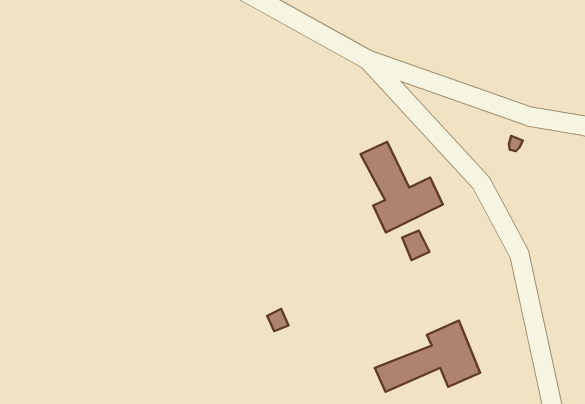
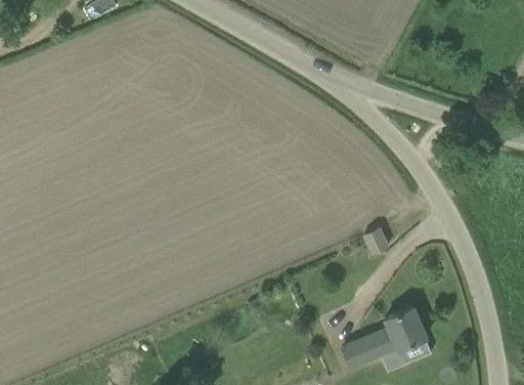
building: [361,142,443,233] -> none

